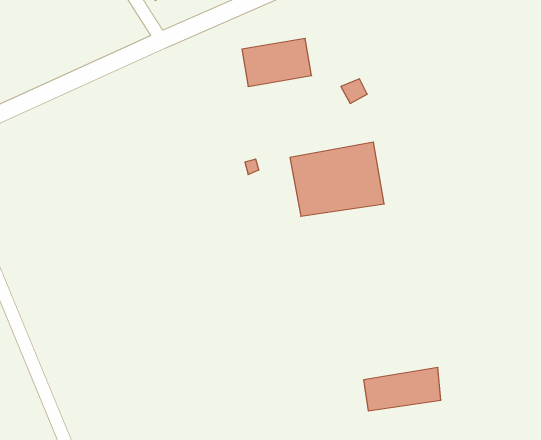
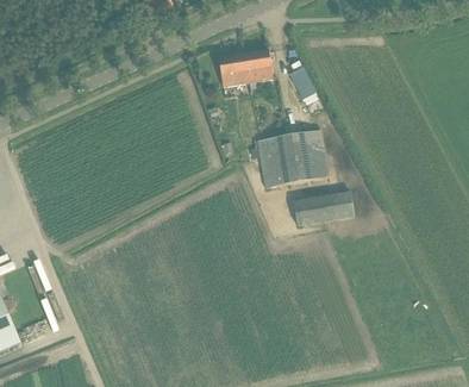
building: [364,368,441,411] -> [293,191,352,224]

